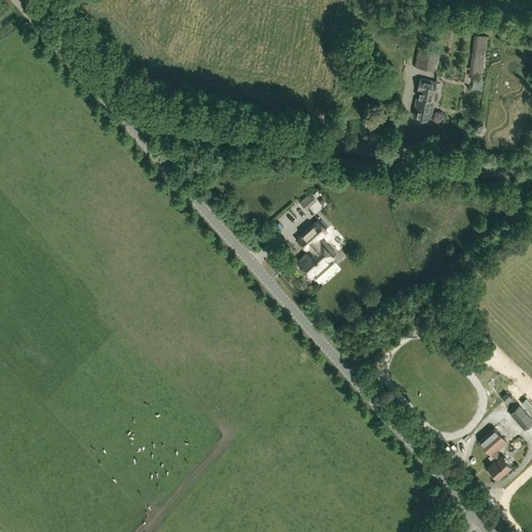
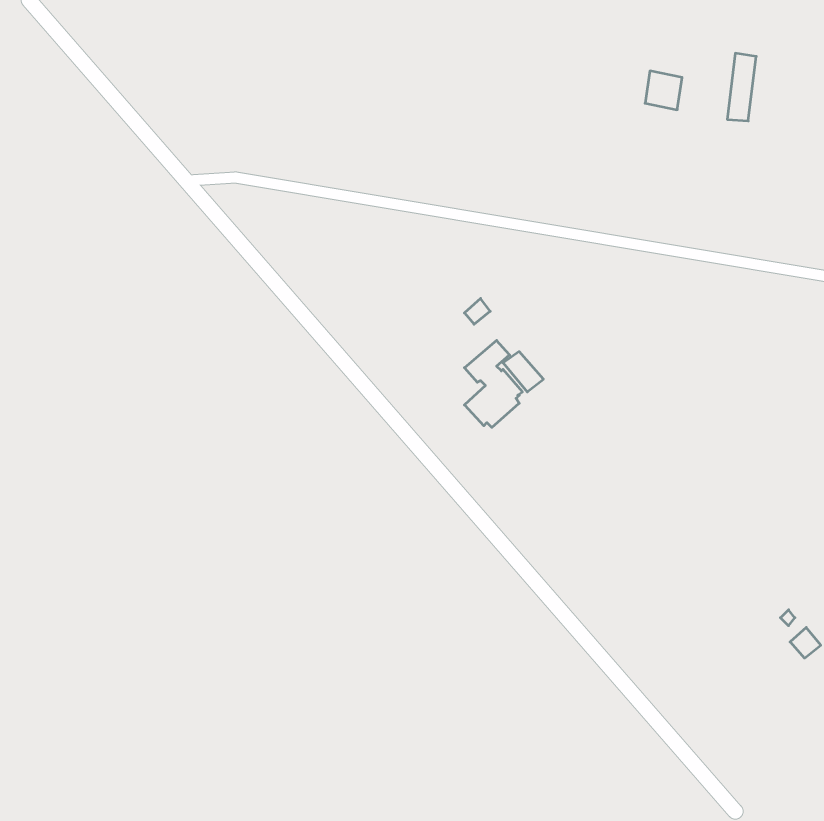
building: [413,80,436,122] -> none
building: [479,429,510,480] -> none

